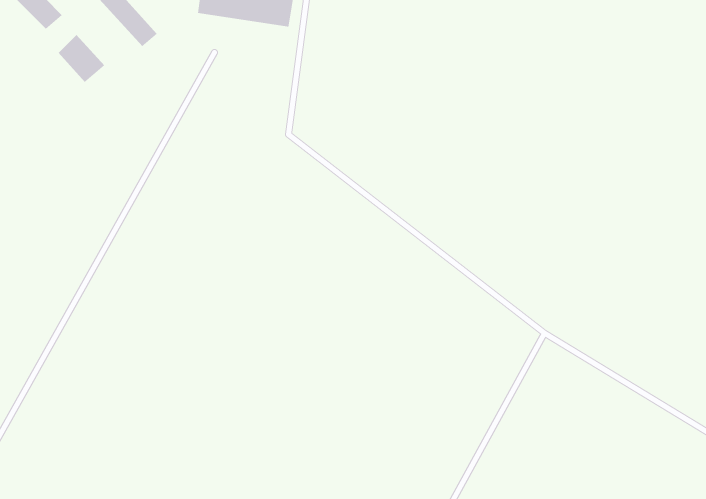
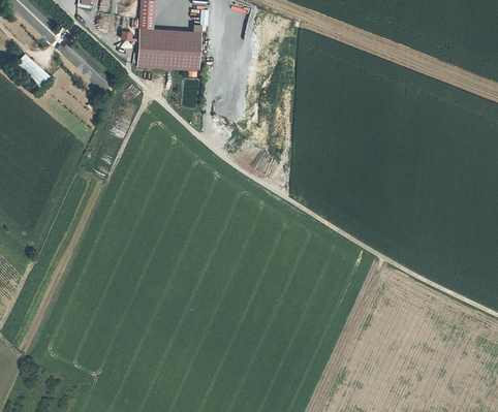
building: [58,34,105,83] -> none

